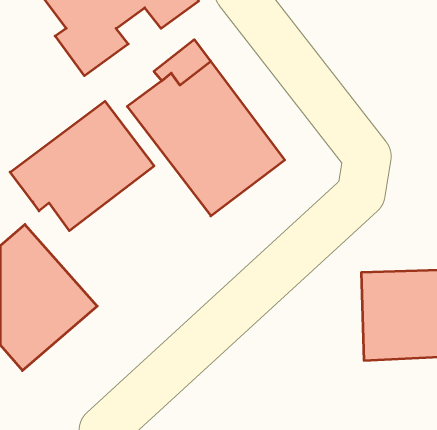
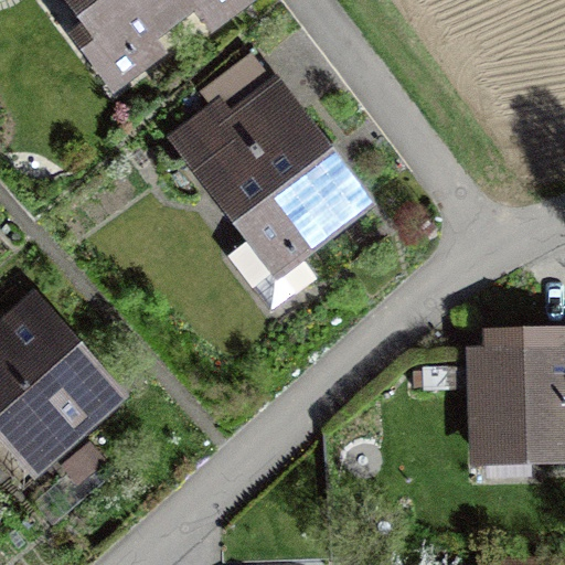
building: [10,101,154,231] -> none

